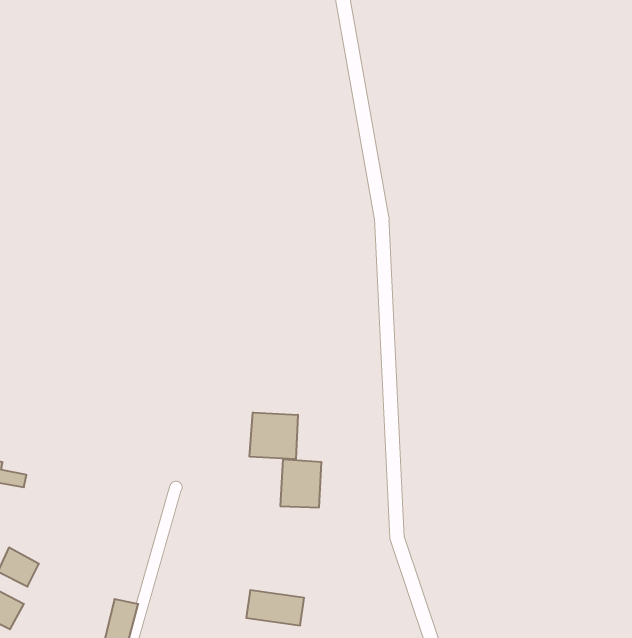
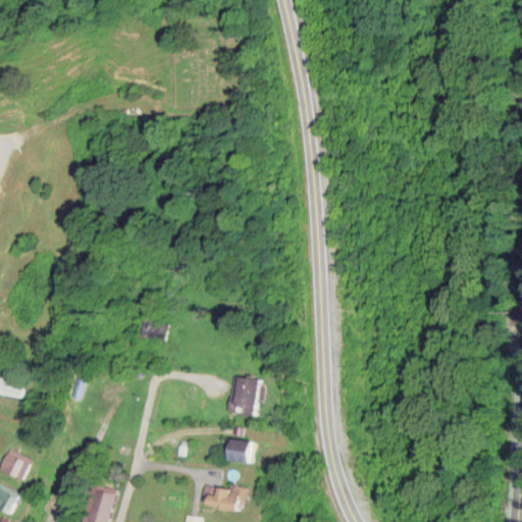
building: [250,412,298,459] -> none
building: none -> [224,439,255,461]

